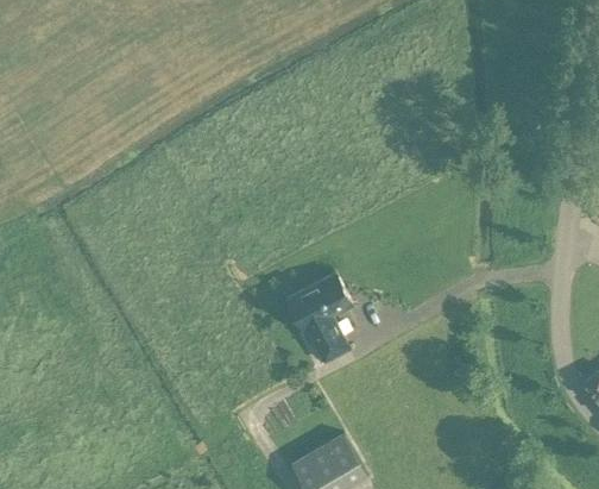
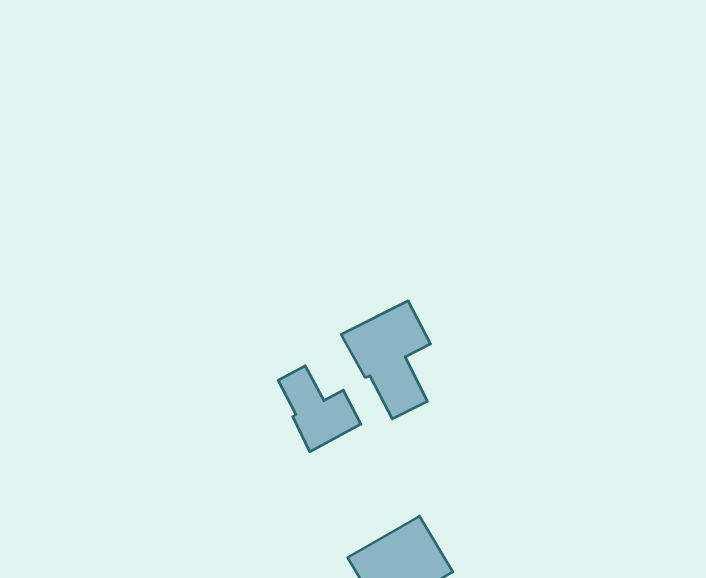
building: none -> [278,366,361,452]

